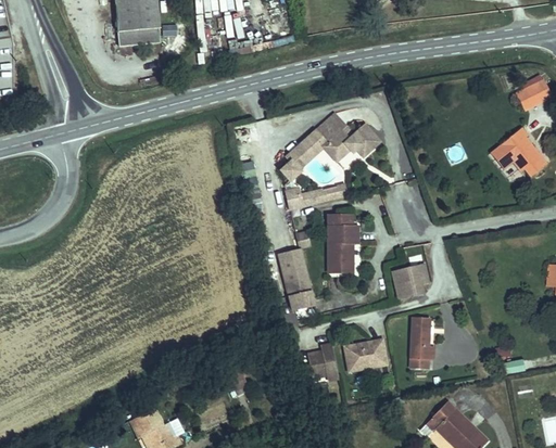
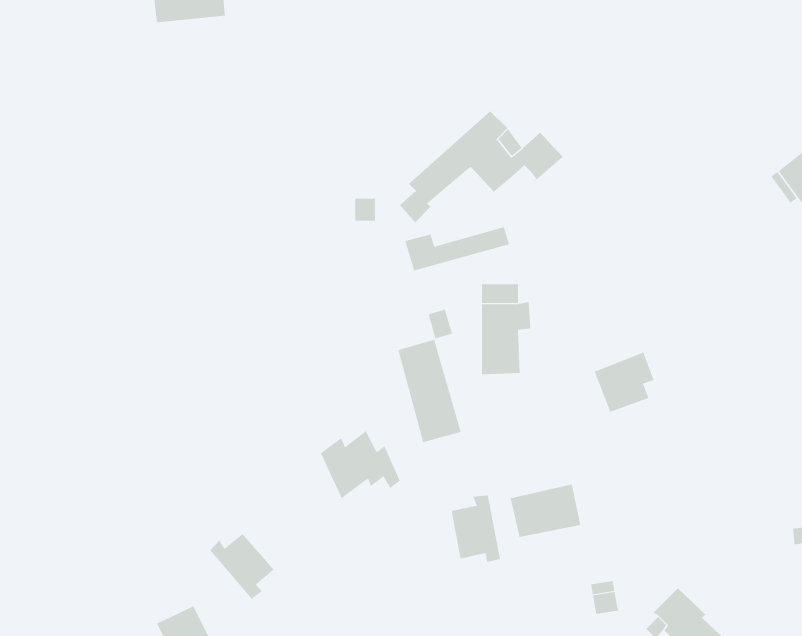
building: none -> [320,430,401,499]
building: [414,313,437,356] -> none
building: none -> [209,533,275,600]

